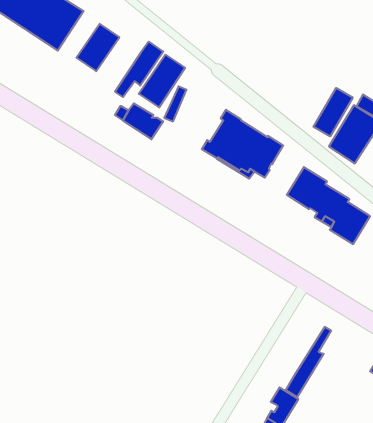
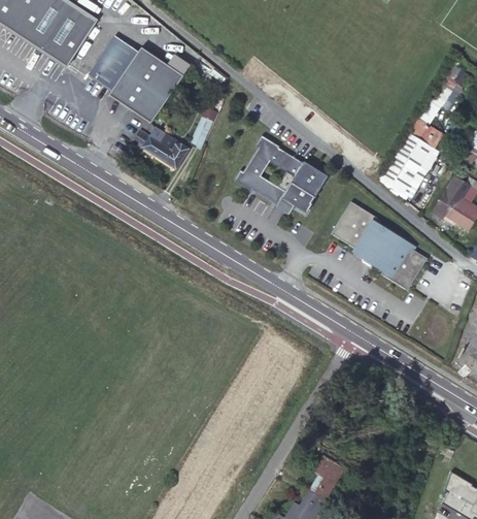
building: [139,55,185,107] -> [110,54,164,115]
building: [313,88,353,136] -> none
building: [286,327,331,397] -> none

